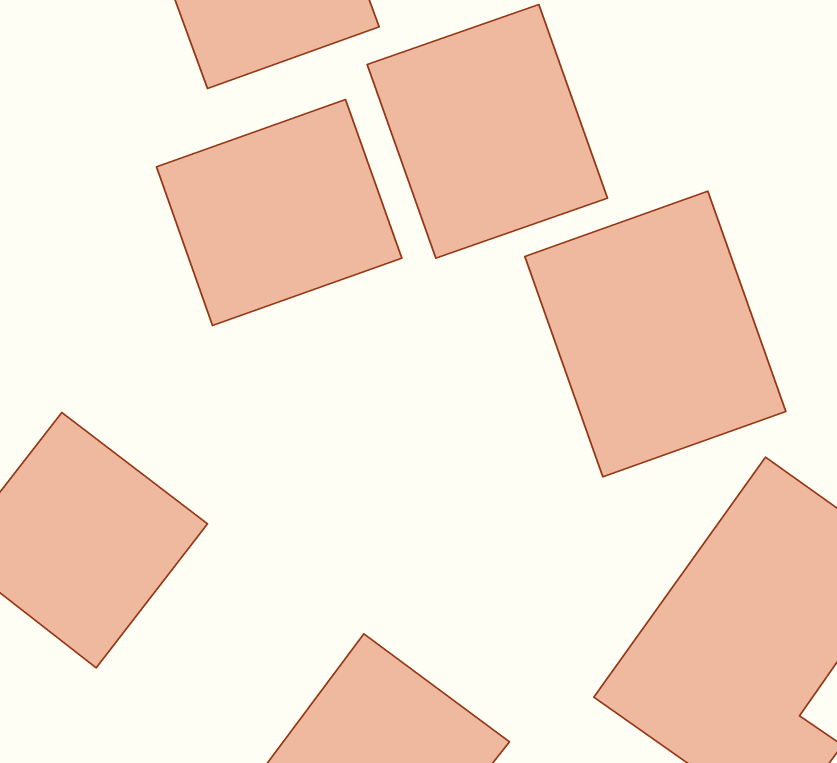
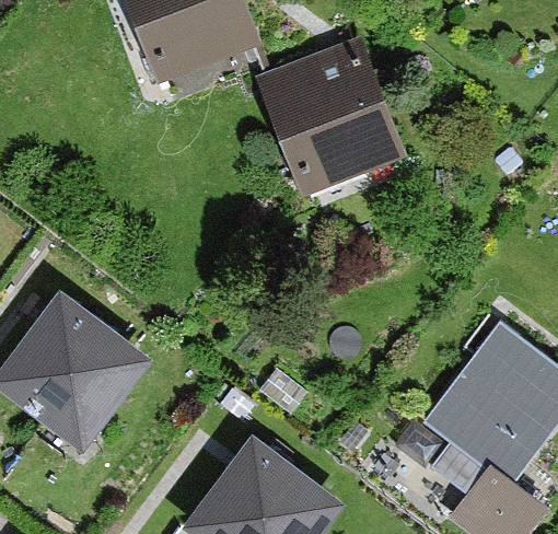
building: [156,99,402,325] -> none
building: [525,191,786,477] -> none

